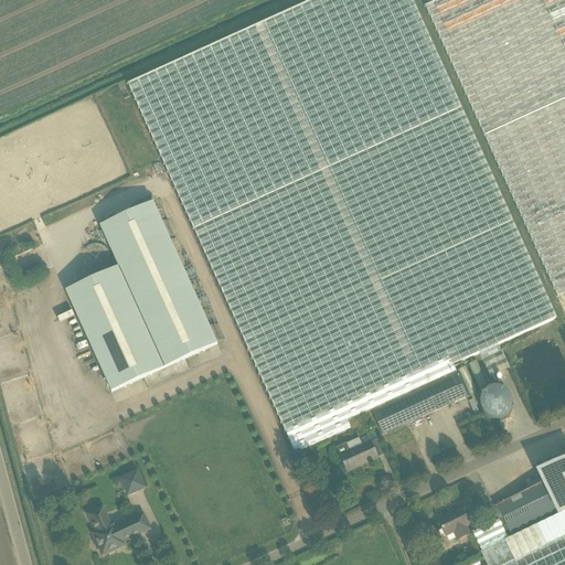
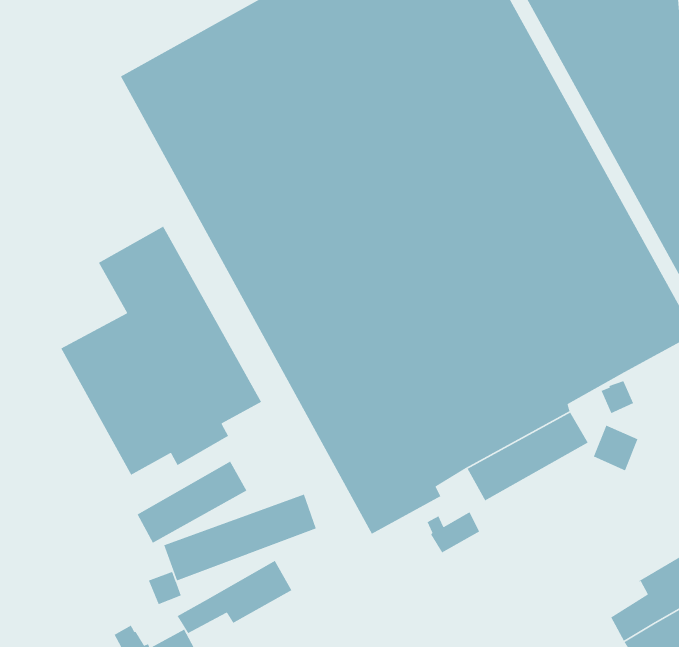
building: none -> [137,460,248,544]
building: none -> [163,493,317,581]
building: none -> [177,560,293,634]
building: [439,505,469,536] -> none

